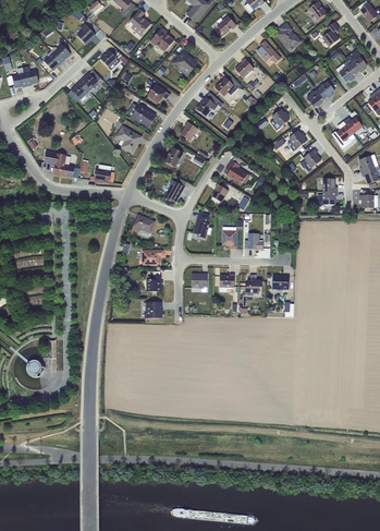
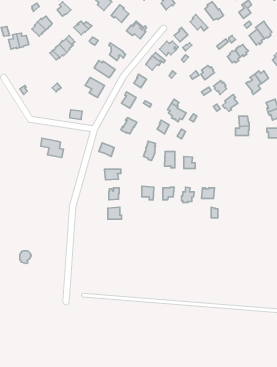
building: [45,150,75,177] -> [41,138,64,157]

